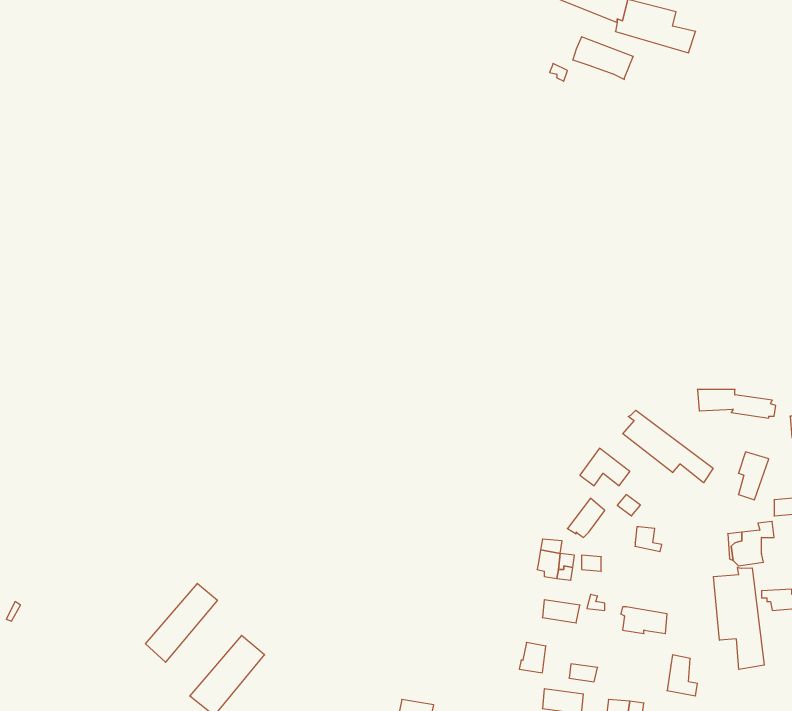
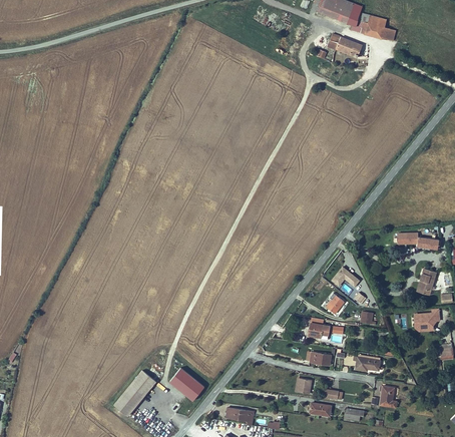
building: [623,410,713,483] -> none
building: [713,567,764,669] -> none
building: [145,583,217,662] -> none
building: none -> [169,368,204,401]

